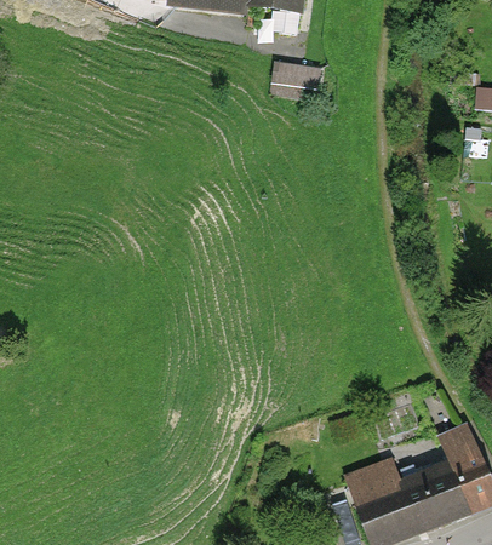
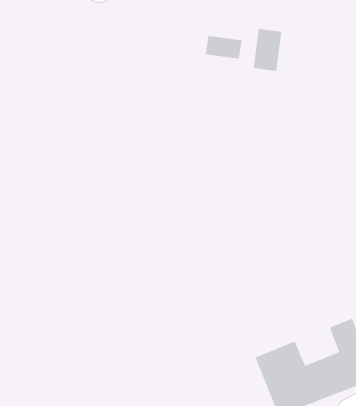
building: none -> [253,28,282,72]

